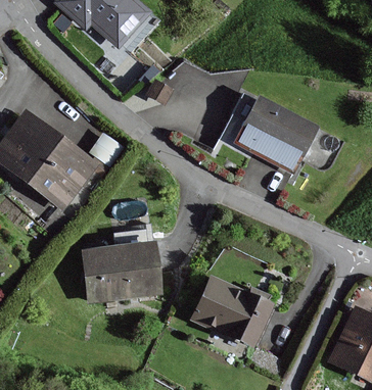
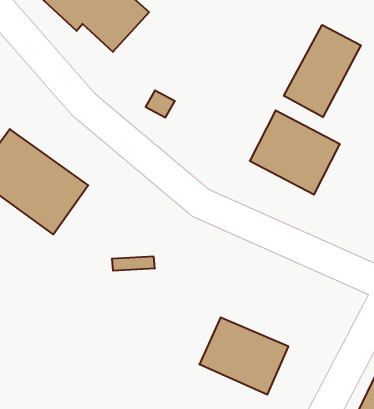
building: none -> [284,25,361,117]
building: [84,243,160,300] -> none

